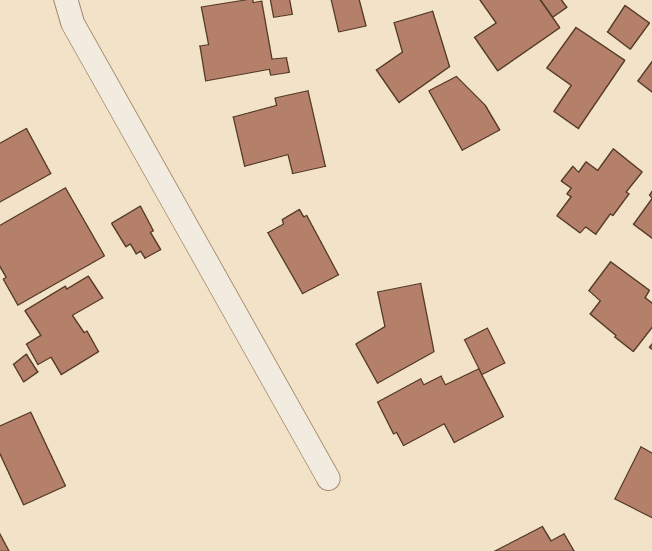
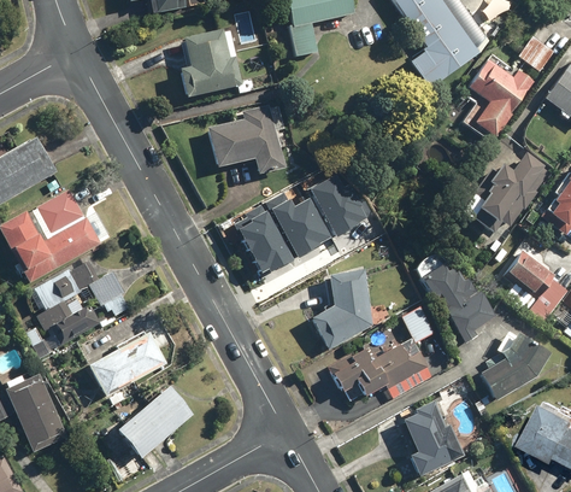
building: [376,11,449,103] -> none
building: [429,76,500,150] -> [312,175,371,236]
building: none -> [270,193,334,257]
building: [112,206,161,258] -> [88,273,129,316]
building: none -> [419,264,493,341]
building: none -> [477,330,551,399]
building: none -> [87,333,164,398]
building: none -> [114,386,193,459]
building: none -> [401,400,464,475]

